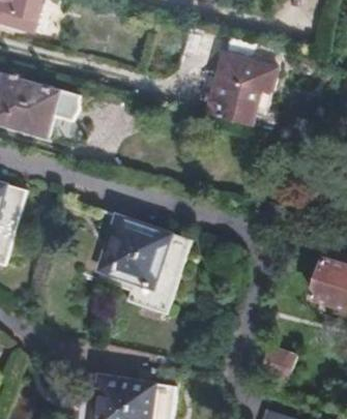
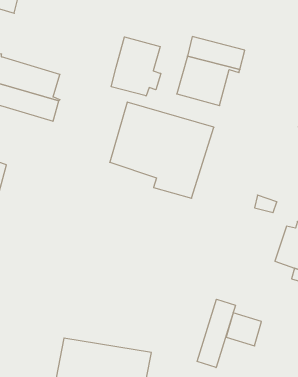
building: none -> [111,37,161,96]
building: [82,214,193,317] -> [110,102,214,198]
building: none -> [197,299,235,368]

